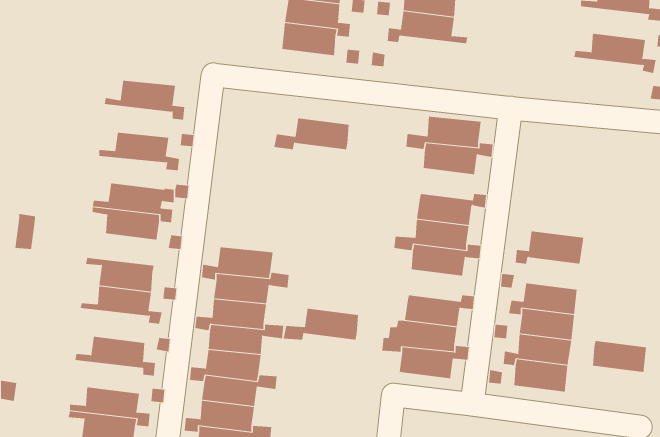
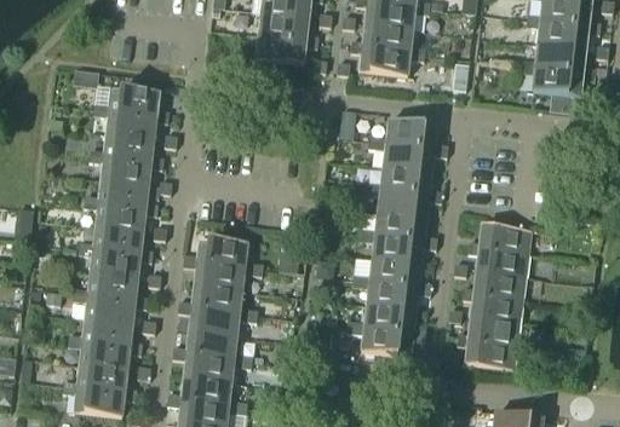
building: none -> [526,19,589,50]
building: none -> [361,46,424,76]
building: none -> [521,65,584,97]
building: none -> [94,108,156,138]
building: [273,118,349,150] -> [362,166,431,195]
building: none -> [88,155,151,185]
building: none -> [79,225,153,261]
building: [283,308,359,340] -> [351,258,420,287]
building: none -> [73,293,136,324]
building: [592,340,647,372] -> [477,247,527,276]
building: none -> [67,340,130,370]

